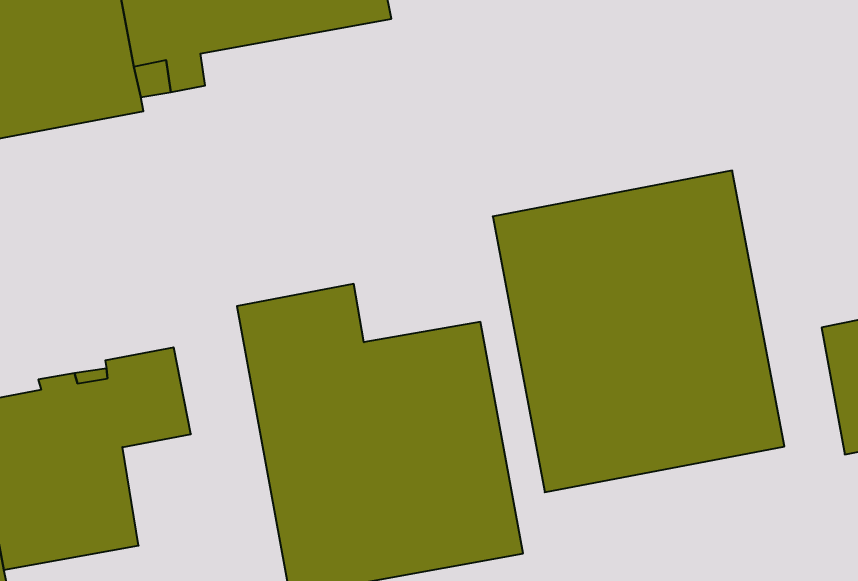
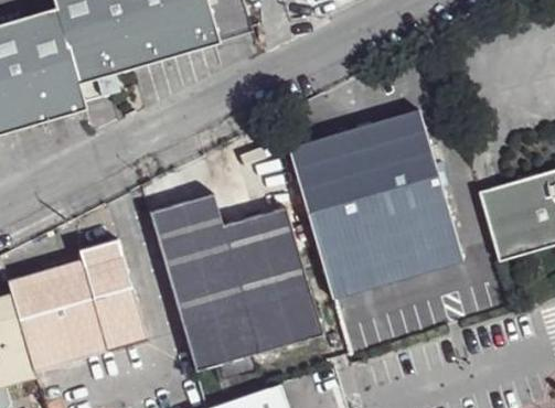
building: none -> [94,286,147,351]

